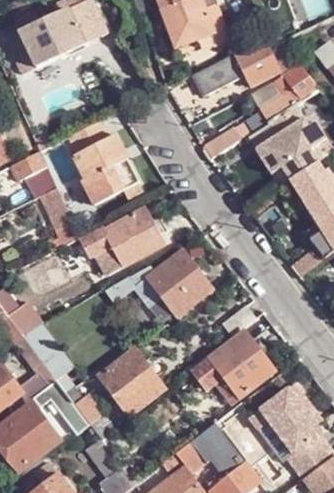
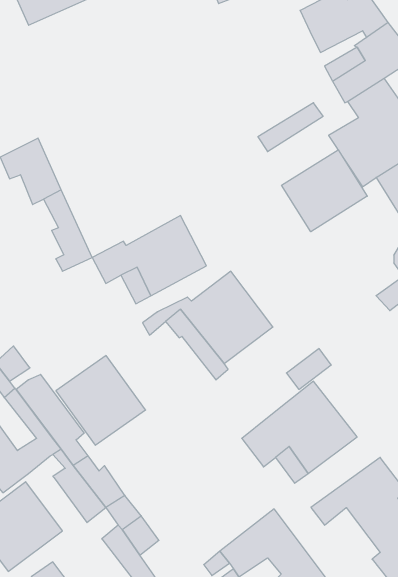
building: [191,53,242,95] -> none
building: [69,118,142,207] -> none
building: none -> [282,150,367,232]
building: [100,348,166,414] -> [56,356,146,445]

